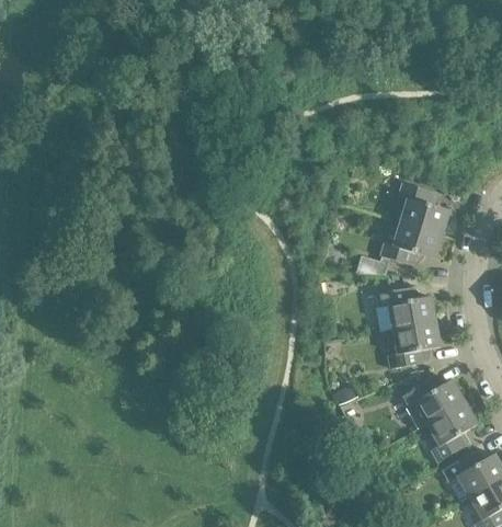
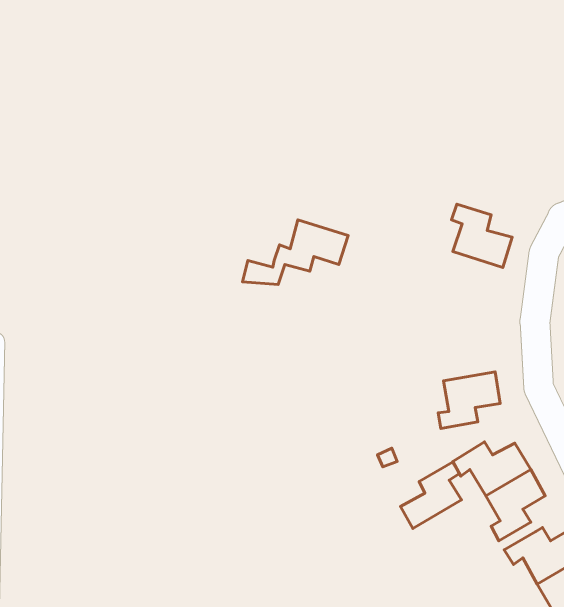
building: [354,221,442,275] -> [242,220,348,284]
building: [377,287,435,331] -> none
building: none -> [400,462,461,528]

